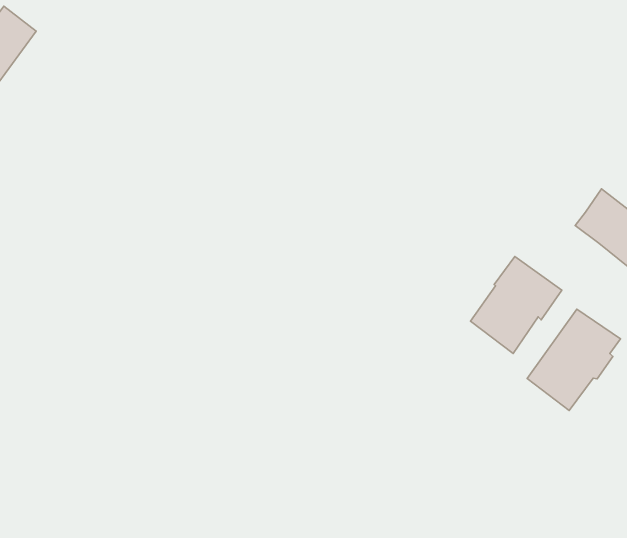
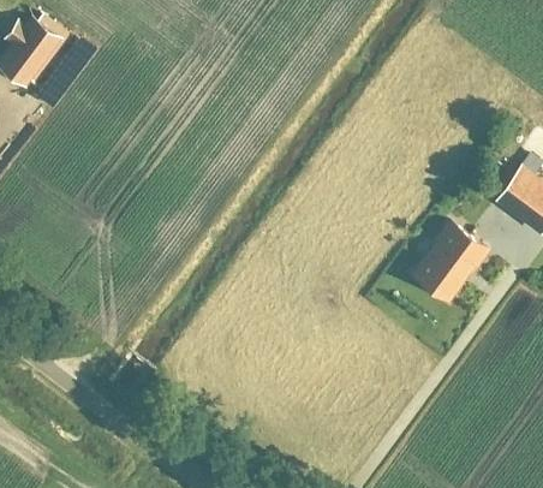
building: [527,309,620,411] -> none

